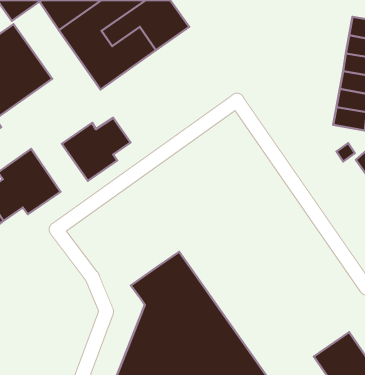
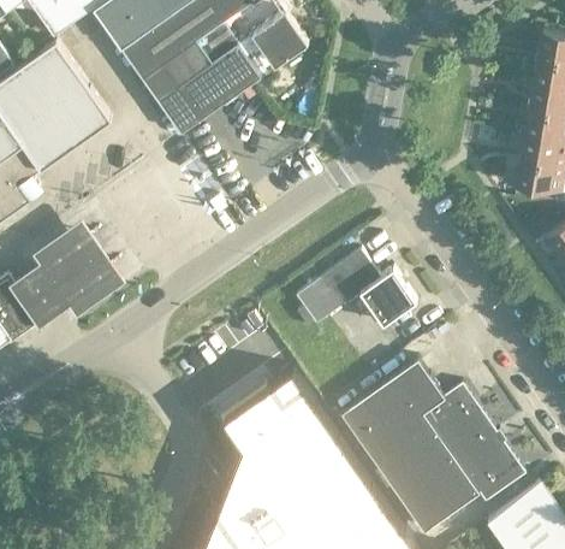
building: [62,118,131,181] -> none
building: none -> [285,240,416,331]
building: none -> [340,360,525,532]

